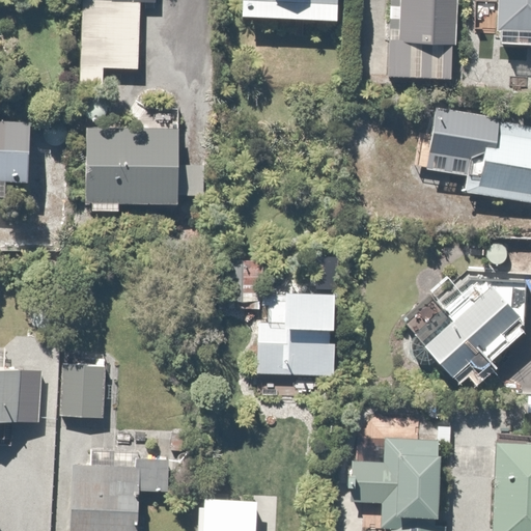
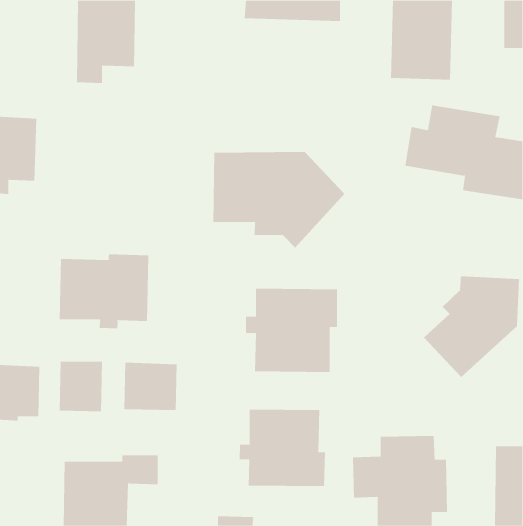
building: [87,127,181,212] -> none
building: none -> [213,151,345,249]
building: none -> [59,254,149,329]
building: none -> [124,362,177,411]
building: none -> [239,409,325,487]

